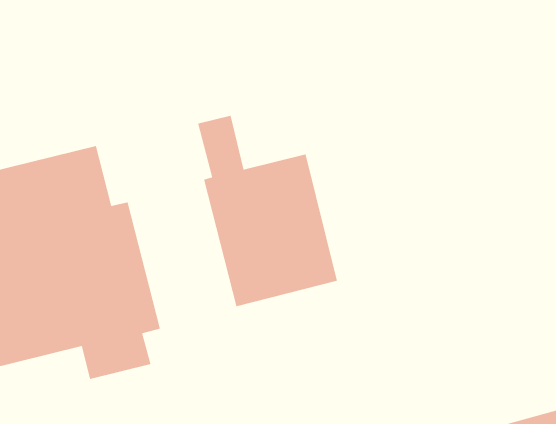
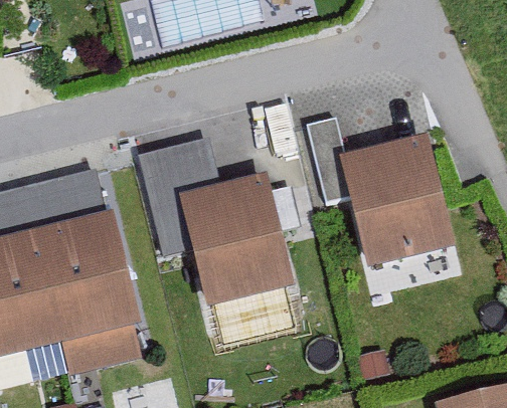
building: none -> [301,118,457,268]

